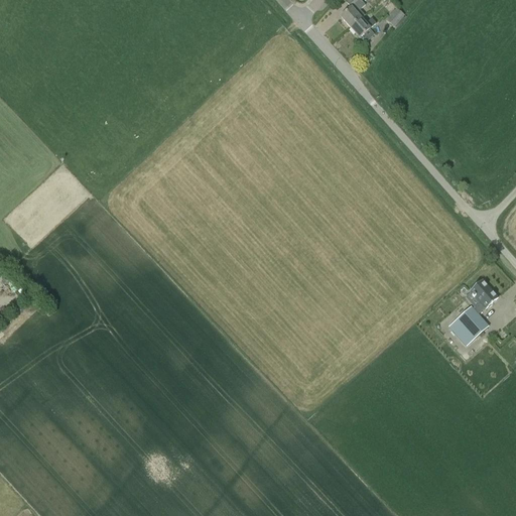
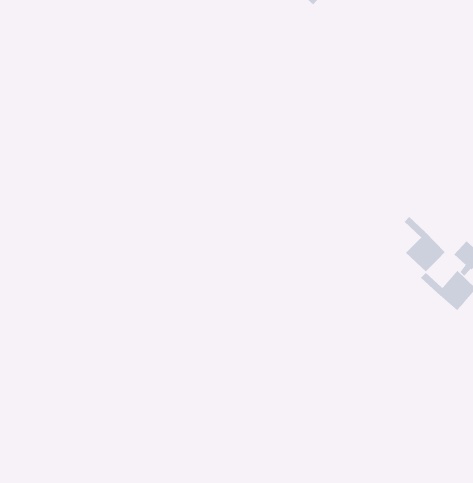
building: none -> [404,216,446,272]

